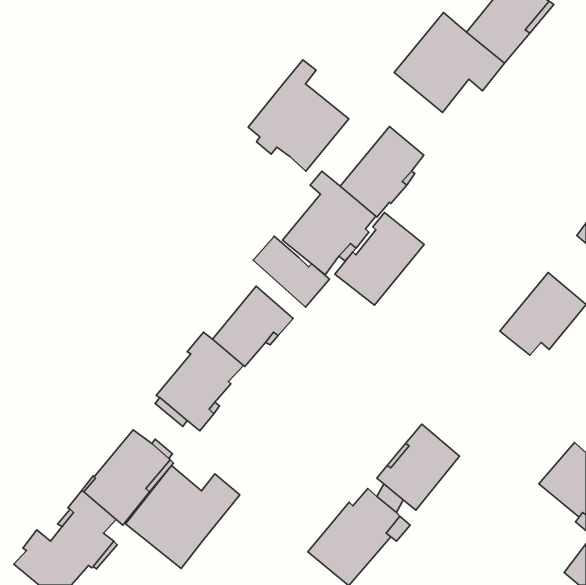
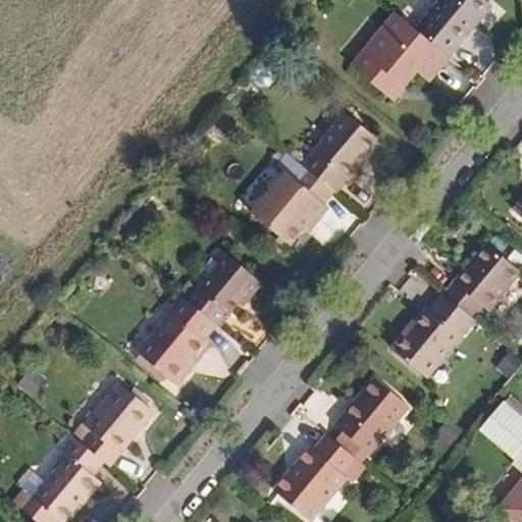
building: [248,60,349,171] -> none
building: [335,212,424,305] -> none
building: [253,236,329,307] -> none
building: none -> [392,294,474,377]
building: [125,465,240,569] -> none

